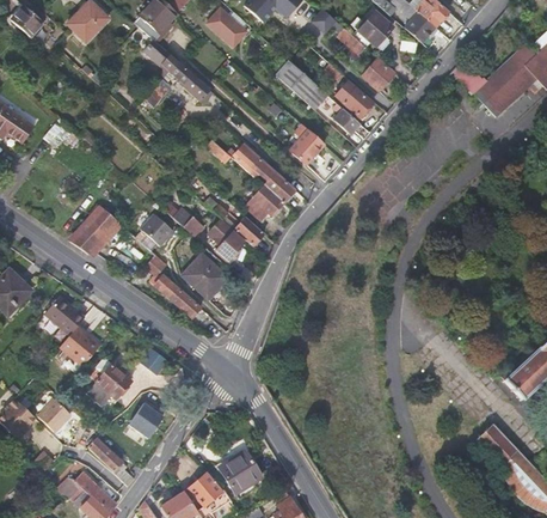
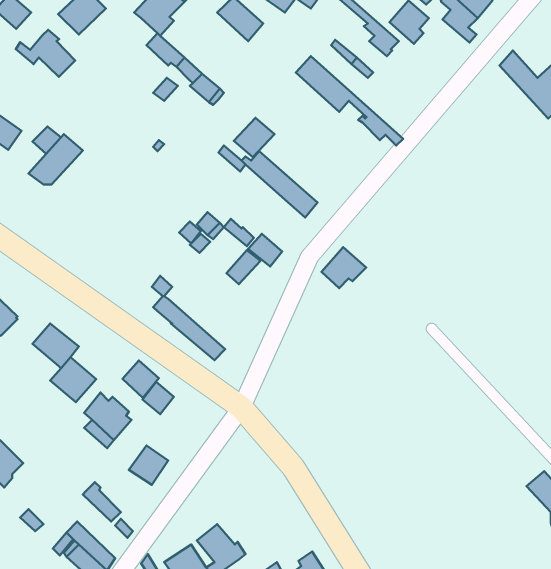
building: none -> [16,30,75,77]
building: [362,57,394,90] -> none
building: [334,80,373,117] -> none
building: [289,129,325,164] -> [234,118,274,157]
building: [245,184,284,220] -> [321,247,366,288]
building: [70,206,118,250] -> [29,134,83,185]
building: [143,215,176,248] -> none
building: [182,252,228,297] -> none
building: none -> [122,361,159,398]
building: [38,400,70,432] -> none
building: [220,451,262,498] -> none

